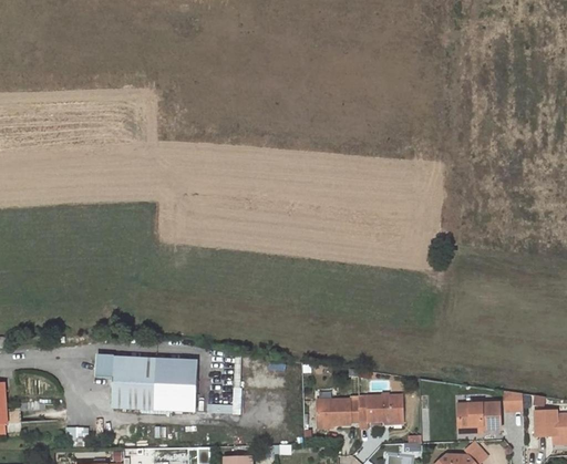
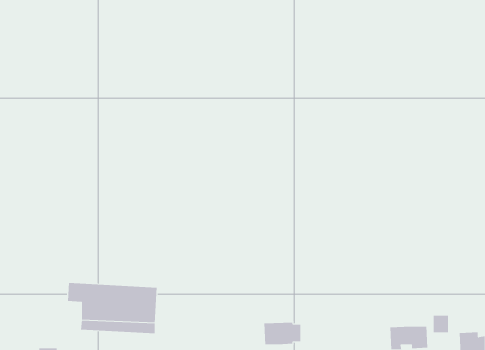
building: [359,395,402,420] -> none

